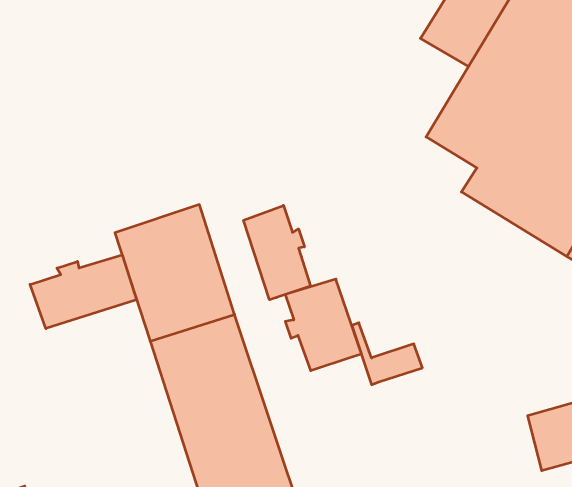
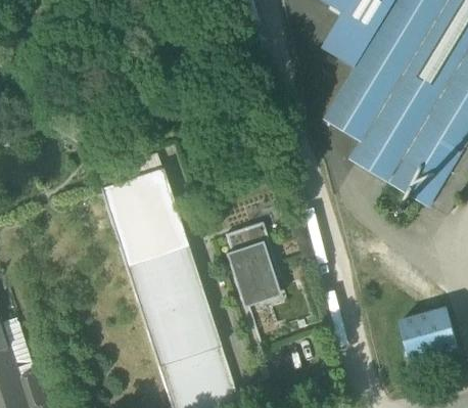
building: [244,205,310,300] -> none
building: [30,255,137,329] -> none
building: [352,323,422,385] -> [227,259,278,304]

